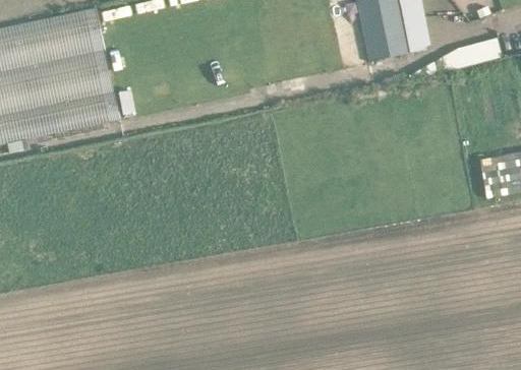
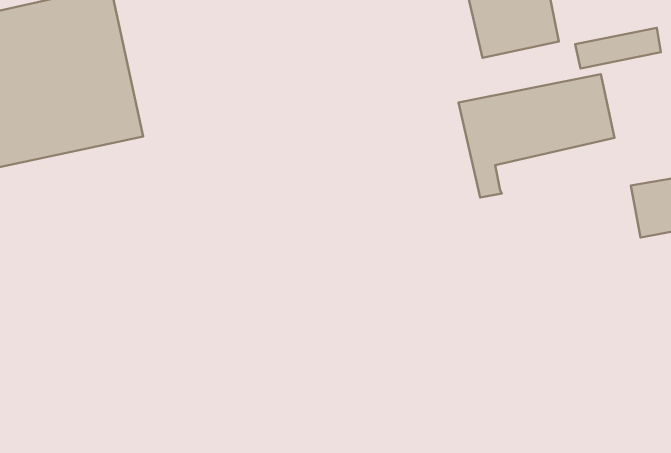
building: none -> [459,74,614,197]

